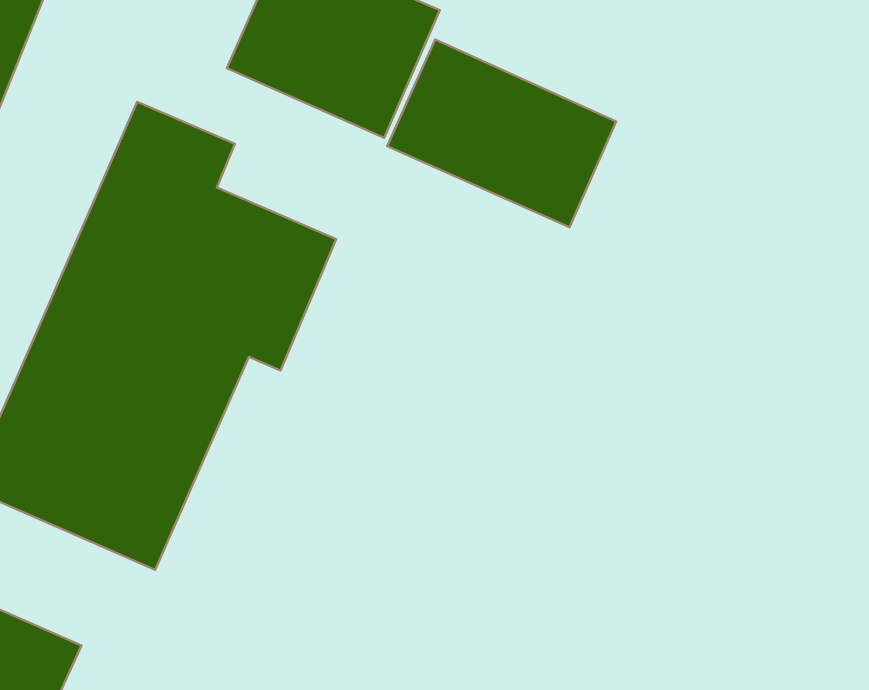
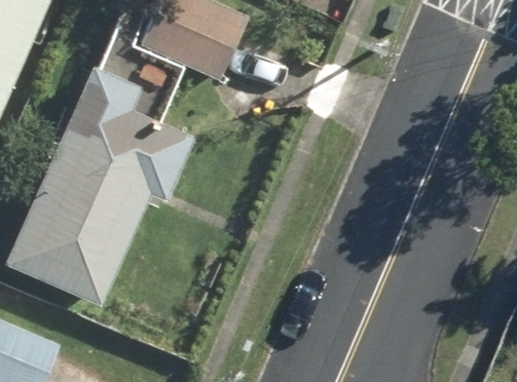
building: [387,40,616,227] -> none

